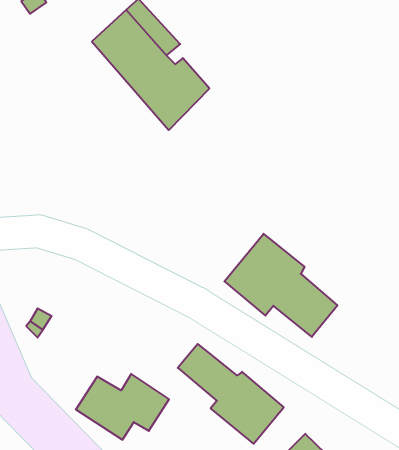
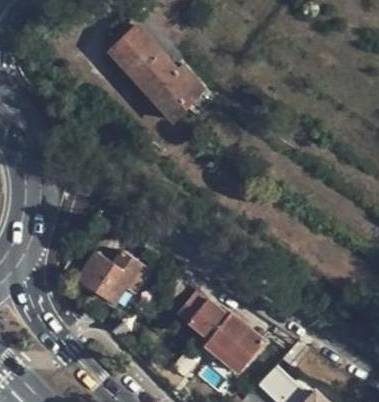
building: [224,234,337,337] -> none
building: [76,374,169,440] -> [78,251,152,303]

